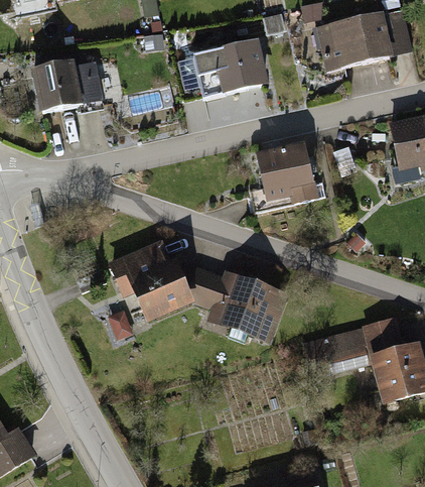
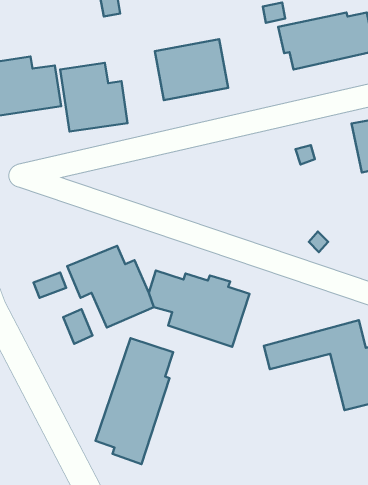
building: none -> [60,63,127,132]
building: [254,139,318,202] -> none
building: none -> [96,338,173,464]

